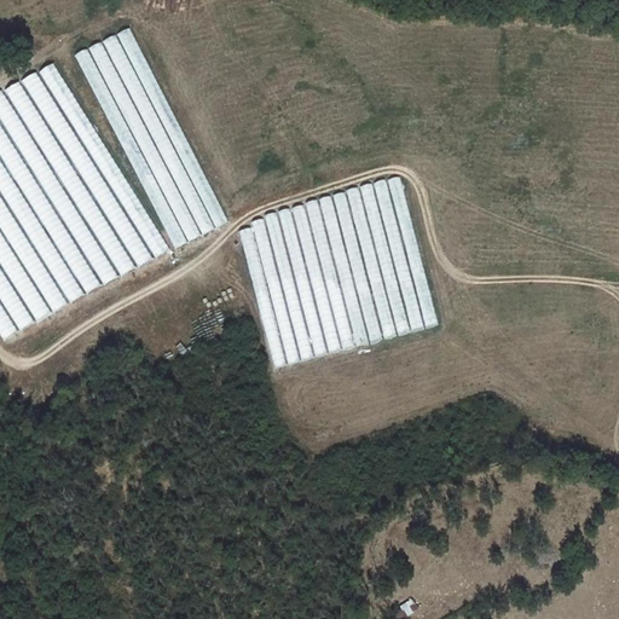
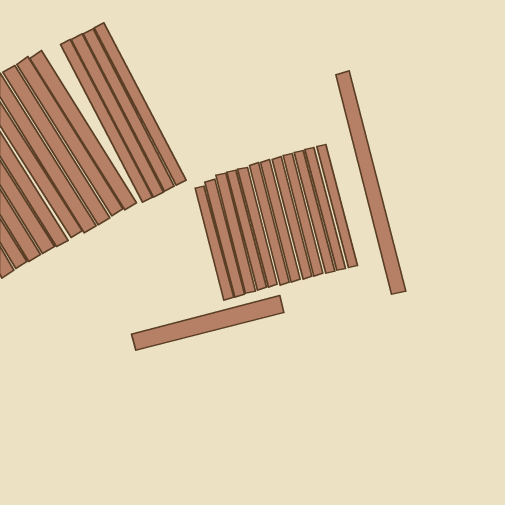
building: none -> [336,71,406,294]
building: none -> [131,296,284,350]

